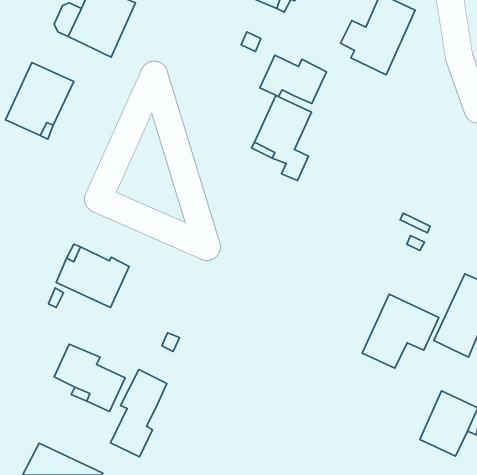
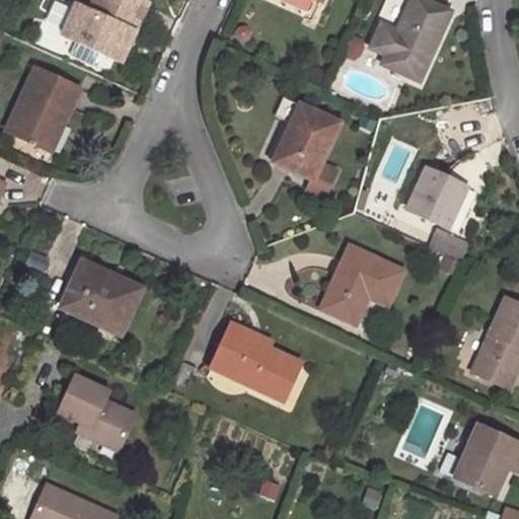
building: [260,55,327,103] -> none
building: none -> [406,167,467,228]
building: [362,294,439,368] -> [320,244,403,324]
building: none -> [211,322,301,400]
building: [110,370,167,457] -> none

